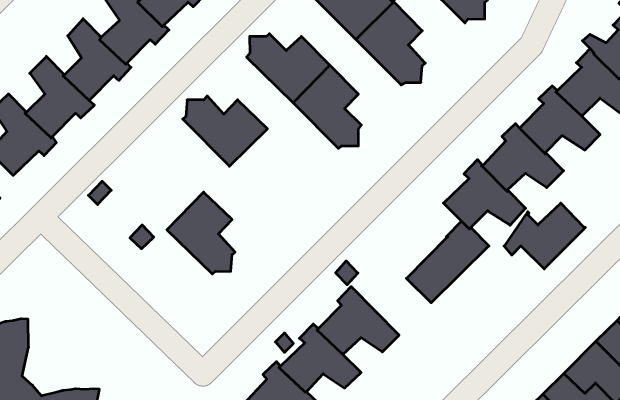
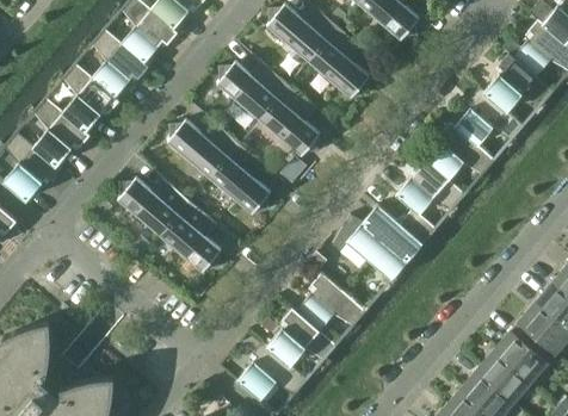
building: none -> [209,143,270,213]
building: none -> [117,178,189,236]
building: [504,203,585,269] -> [332,204,400,261]

